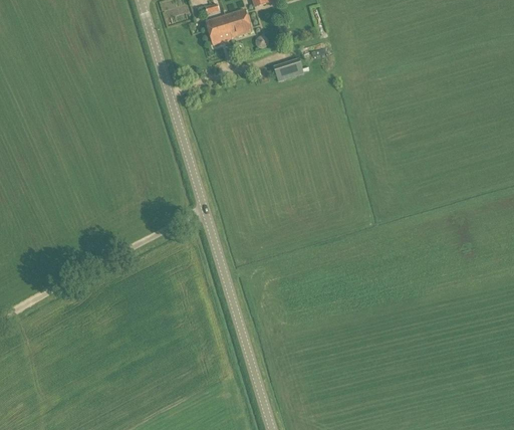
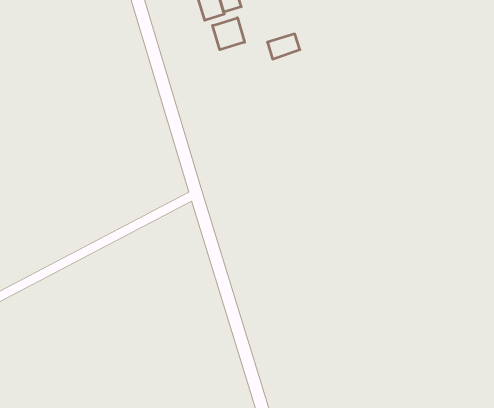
building: none -> [213,18,245,50]

